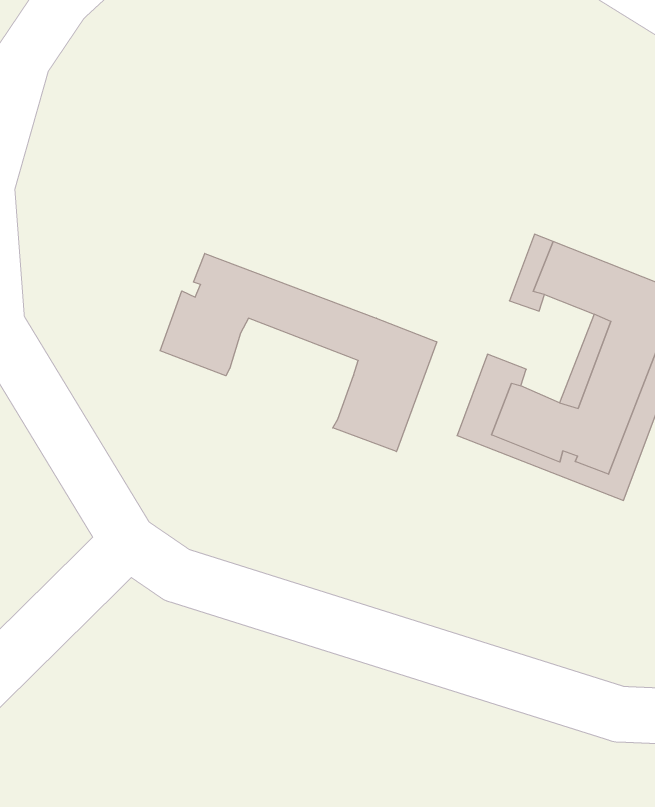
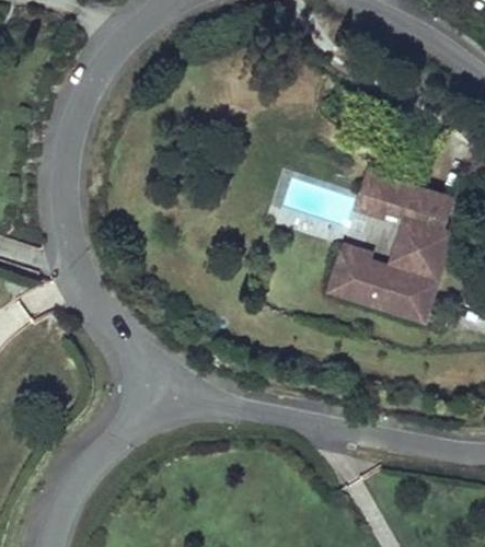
building: [160,253,437,452] -> none

